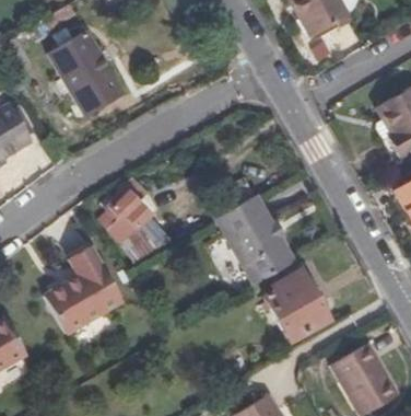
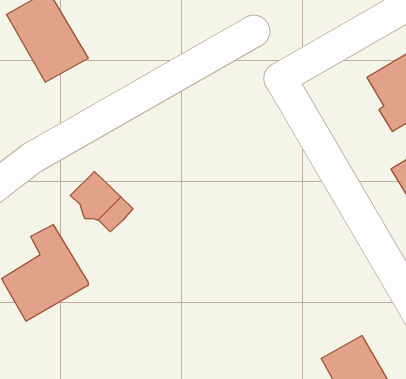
building: [215,195,296,286] -> none
building: [266,269,330,342] -> none

